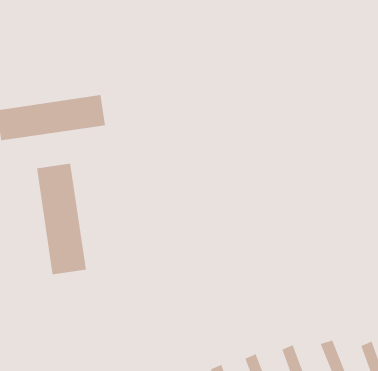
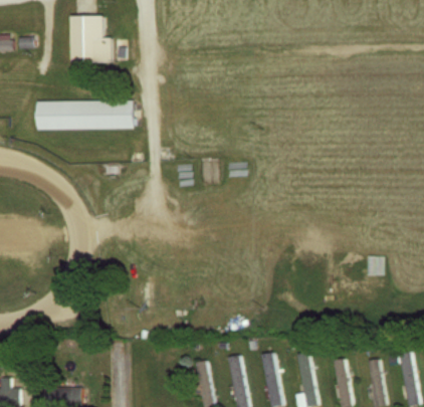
building: none -> [70,16,127,63]
building: [36,163,87,275] -> none

